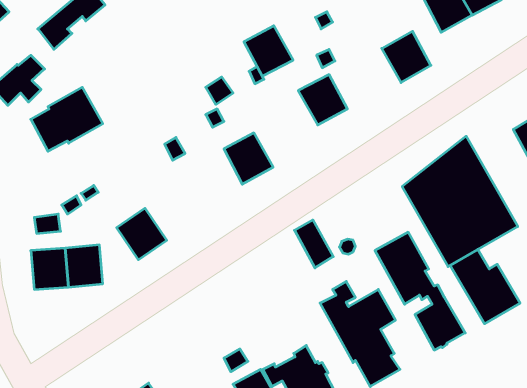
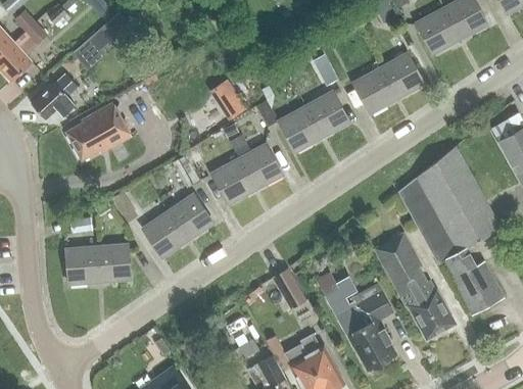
building: [244,26,293,76] -> [279,105,323,150]
building: none -> [353,67,397,112]
building: none -> [211,157,255,203]
building: none -> [169,193,213,239]
building: [294,220,333,268] -> [272,266,306,309]

